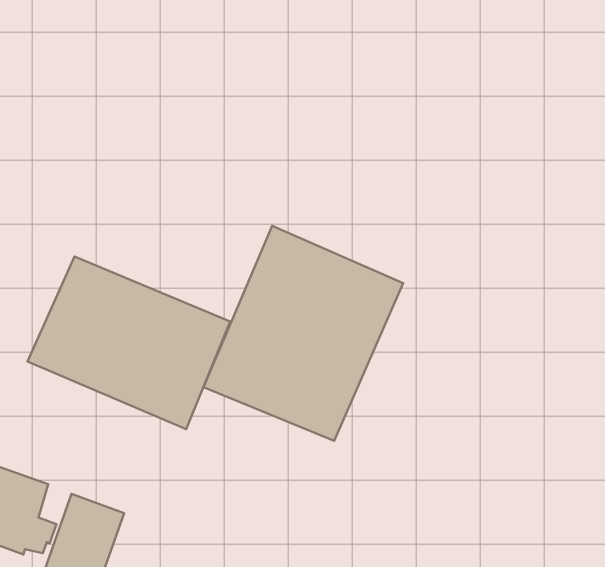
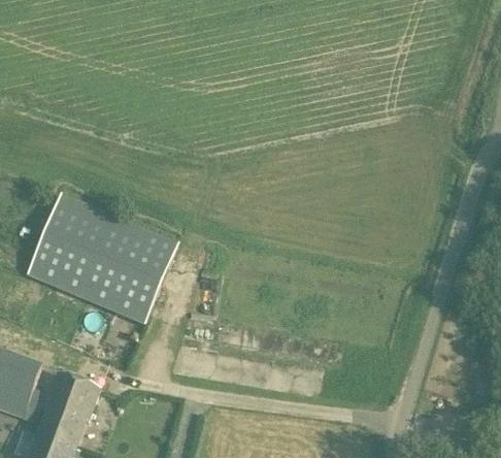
building: [204,226,403,441] -> none

